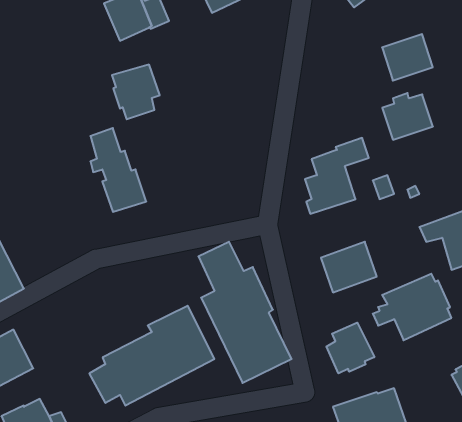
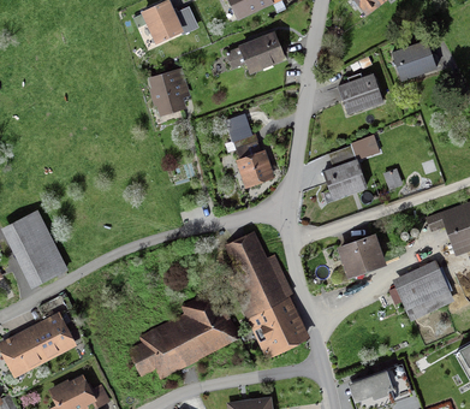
building: none -> [226,34,286,78]
building: [382,93,433,140] -> [338,76,383,118]
building: [90,128,146,212] -> [225,115,275,191]
building: [326,323,374,373] -> none

